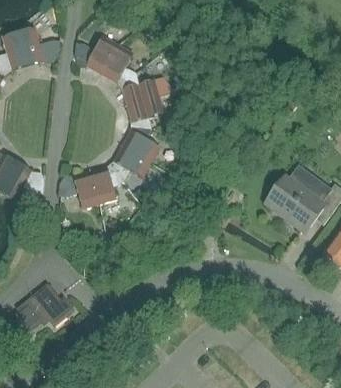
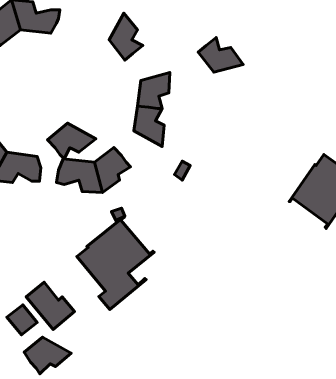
building: [75,40,118,67] -> none
building: [119,72,159,103] -> [198,38,243,72]
building: [109,148,152,180] -> [47,123,96,159]
building: none -> [77,217,154,309]
building: none -> [24,337,71,374]

